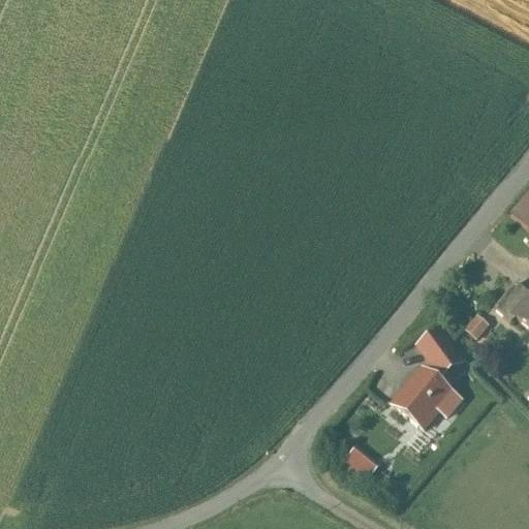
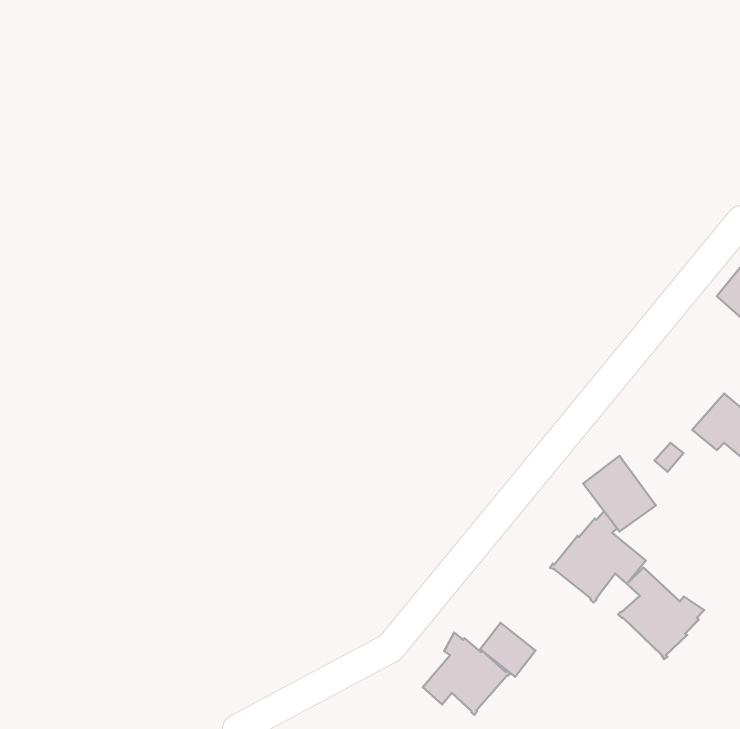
building: none -> [618,567,704,659]
building: none -> [423,632,510,715]

